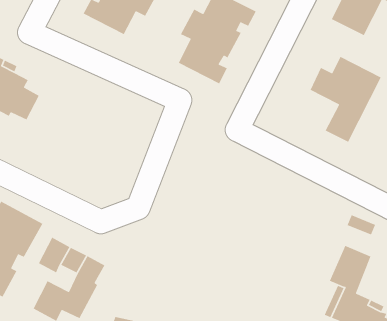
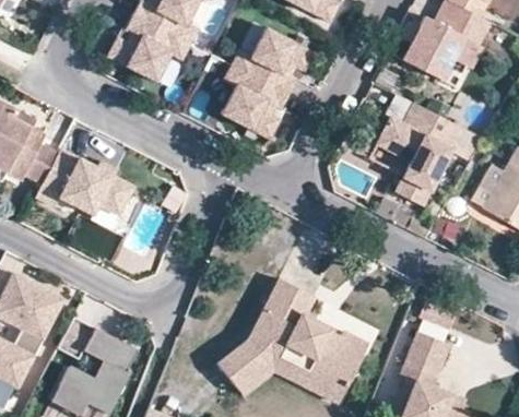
building: none -> [36,148,133,215]
building: none -> [216,281,365,405]

